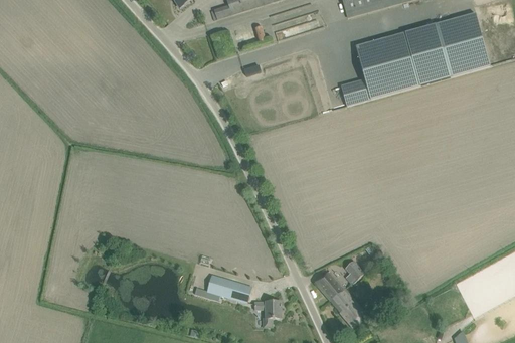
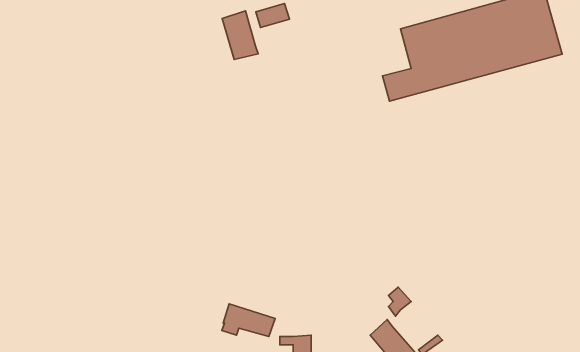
building: none -> [222,11,258,60]
building: [314,271,344,301] -> none

